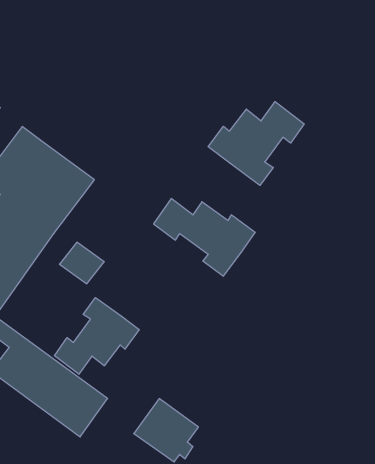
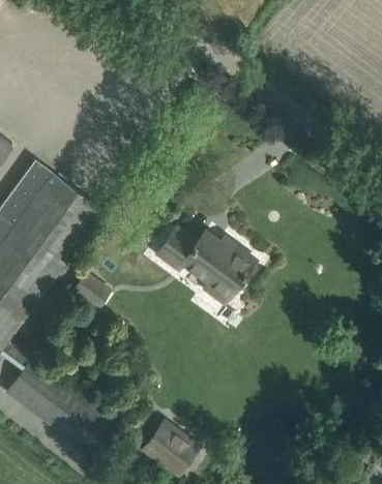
building: [208,102,304,185] -> none
building: [54,298,139,374] -> none

